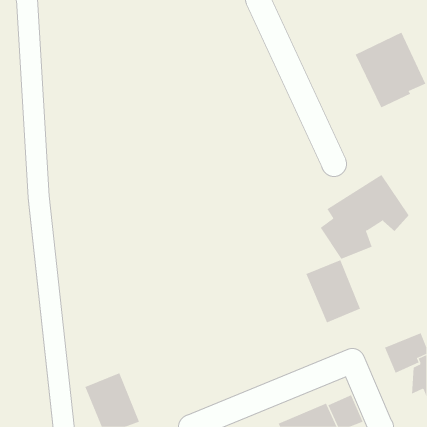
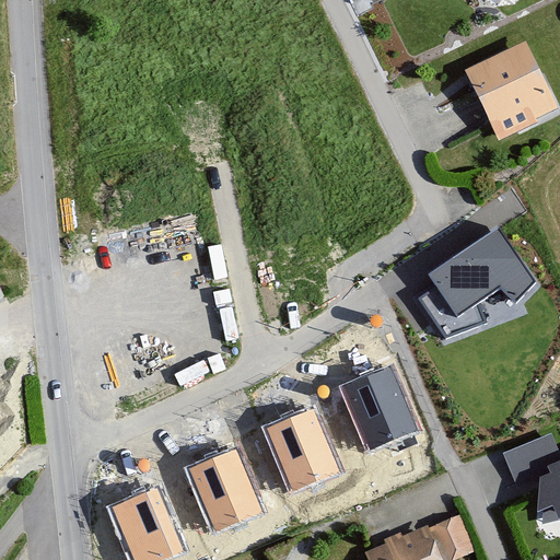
building: [306,260,361,323] -> [342,366,415,450]
building: none -> [267,409,339,492]
building: none -> [188,448,260,532]

